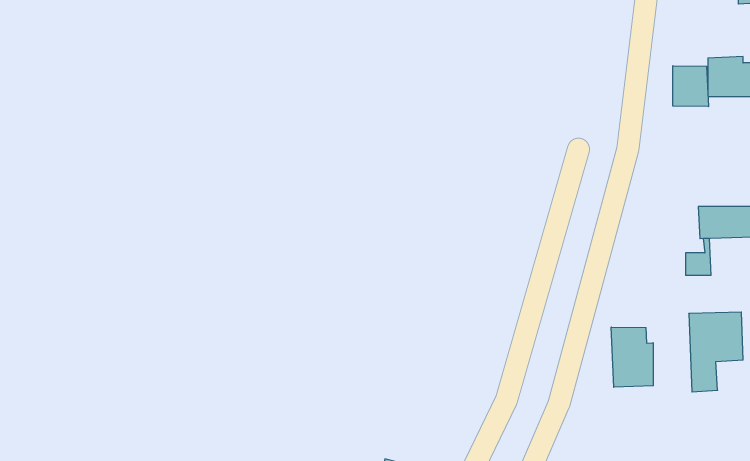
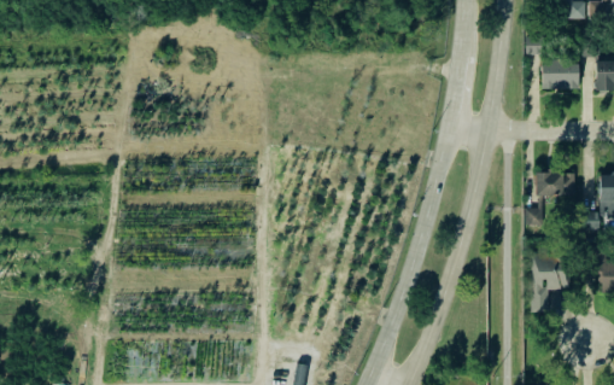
building: [673,66,708,107] -> none
building: [611,327,653,387] -> none

